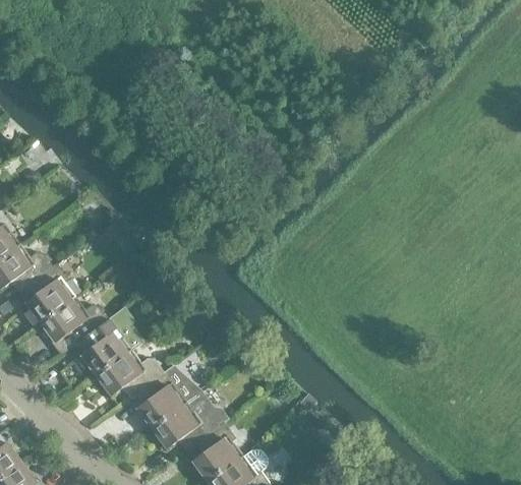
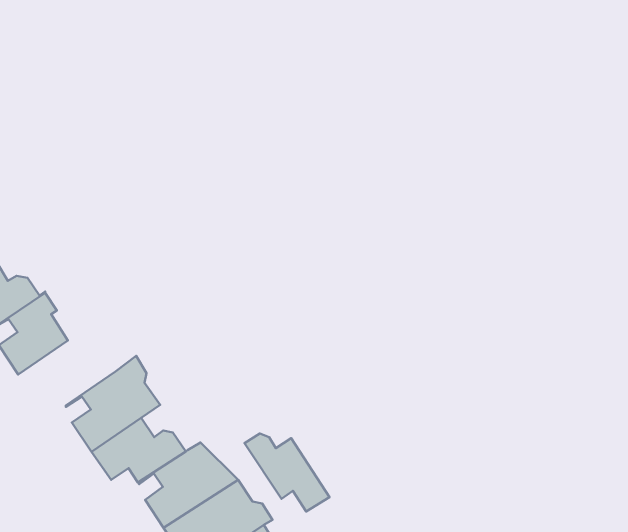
building: [39,298,109,355] -> none
building: none -> [244,433,329,511]

